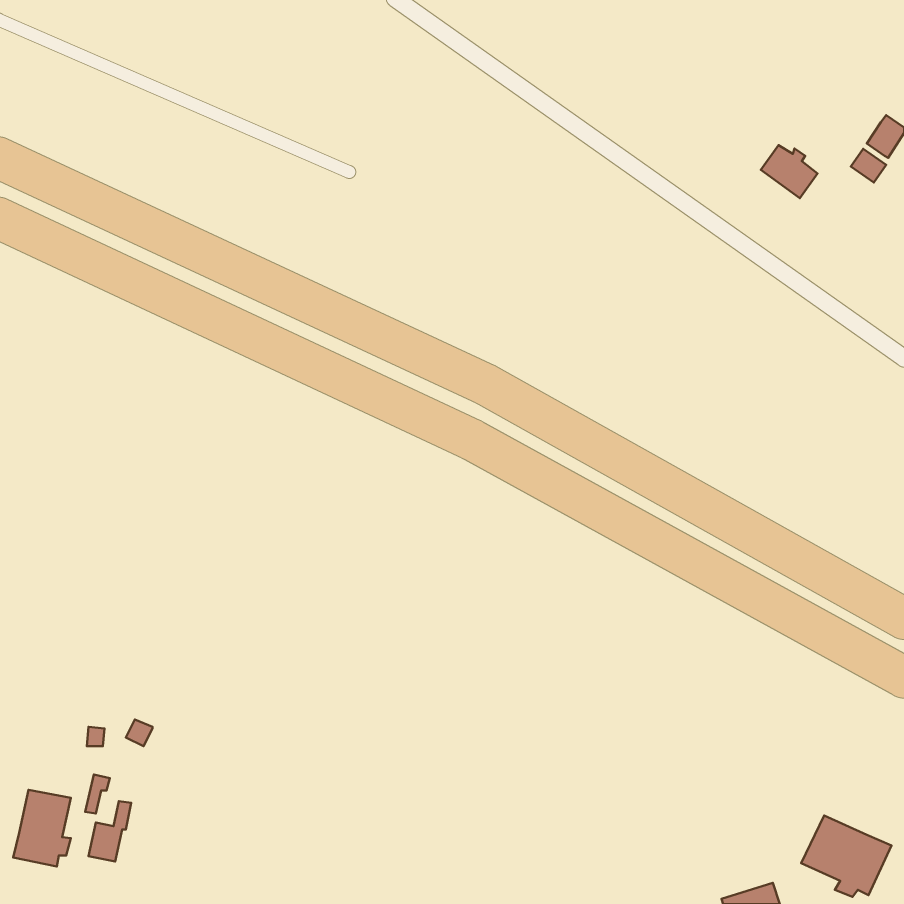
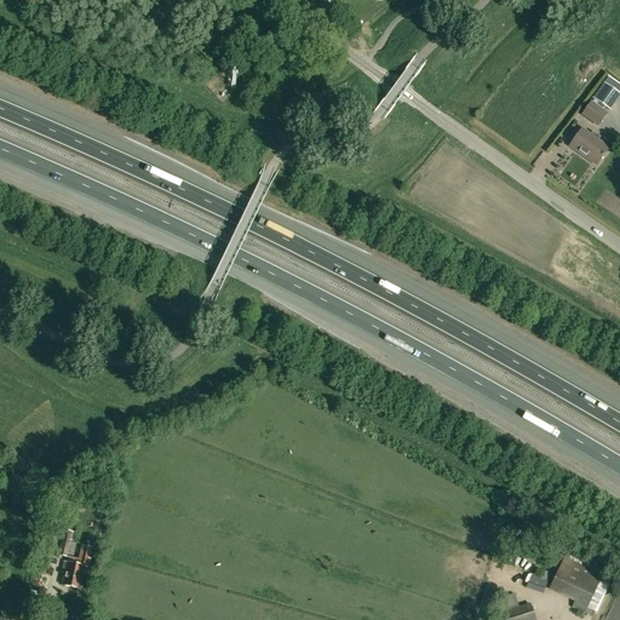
building: [761,145,818,198] -> [568,128,607,165]
building: [13,790,71,867] -> none

